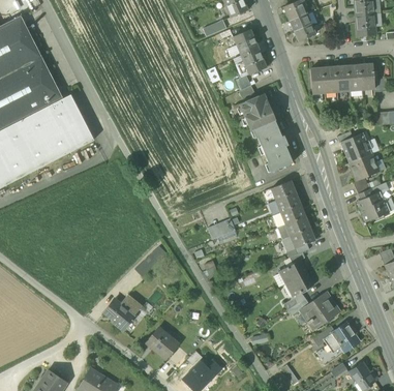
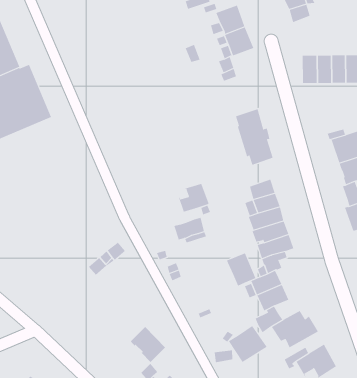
building: [239,93,274,129] -> none
building: none -> [178,183,210,213]
building: none -> [226,252,256,286]
building: [104,295,141,330] -> none
building: none -> [228,325,267,363]
building: [146,327,178,359] -> [130,326,166,363]

